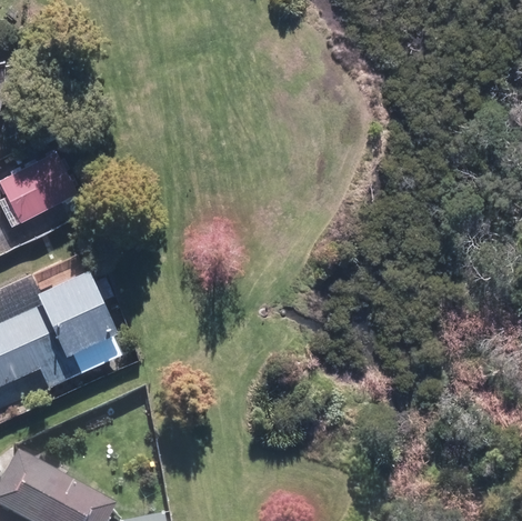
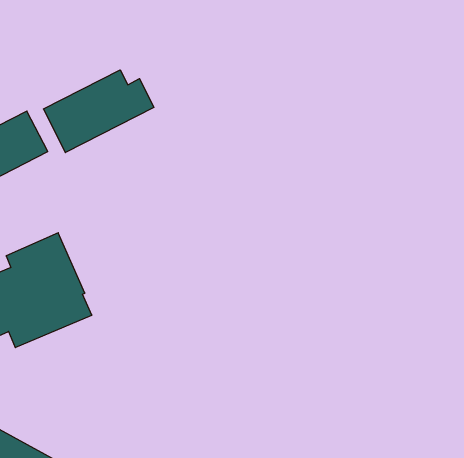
building: none -> [43,70,154,153]

